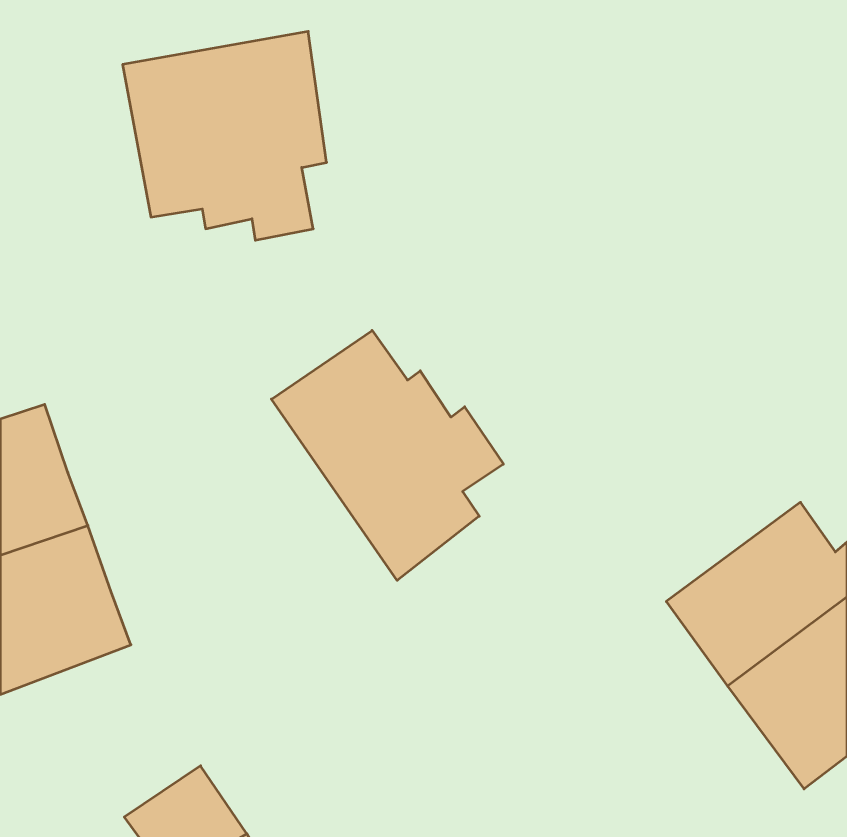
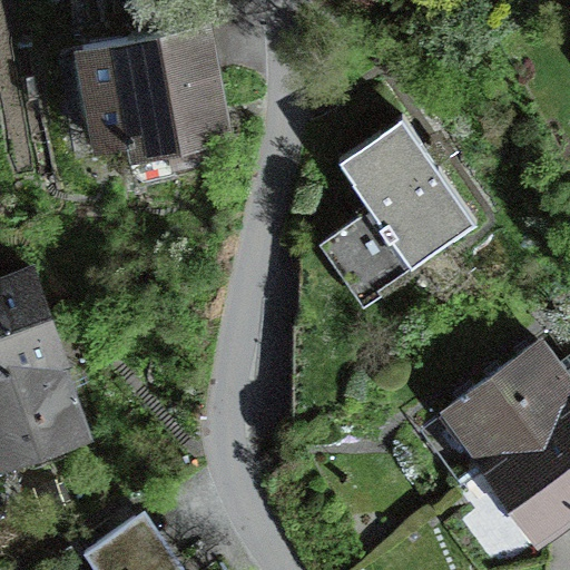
building: none -> [324,120,474,302]
building: [271,330,503,580] -> none

